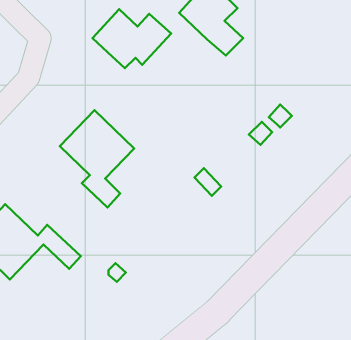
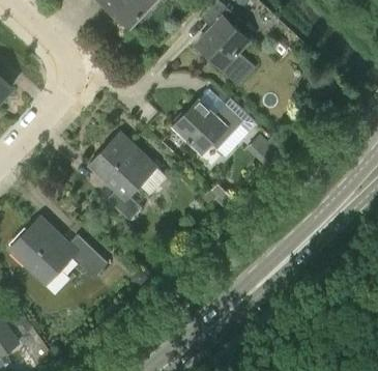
building: [92,9,171,68] -> [174,99,244,152]

